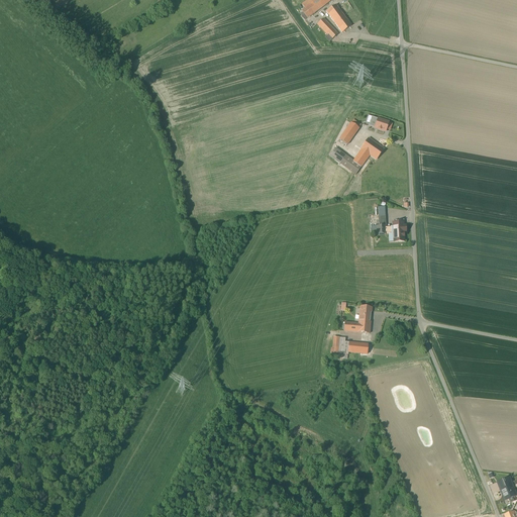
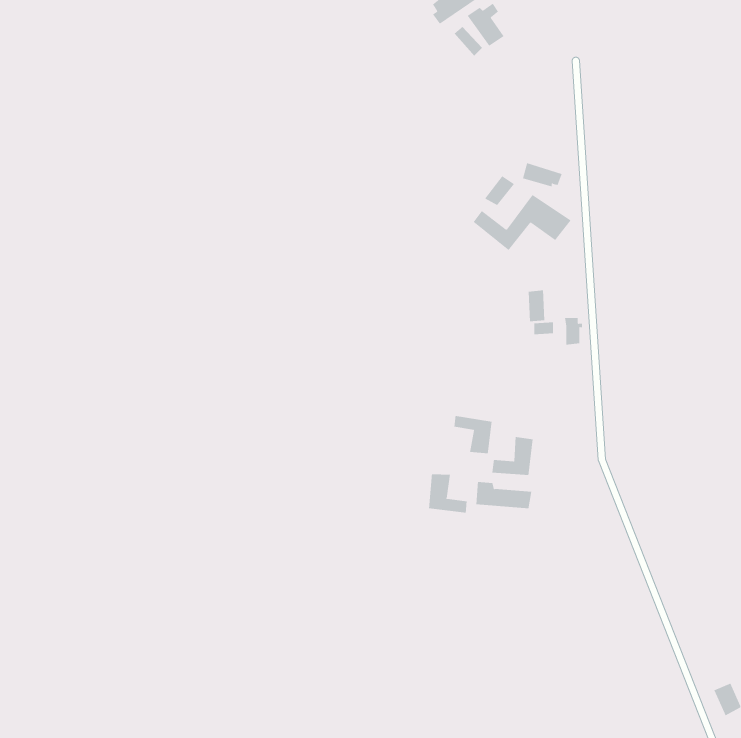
building: none -> [454,415,492,454]
building: none -> [428,473,467,514]

